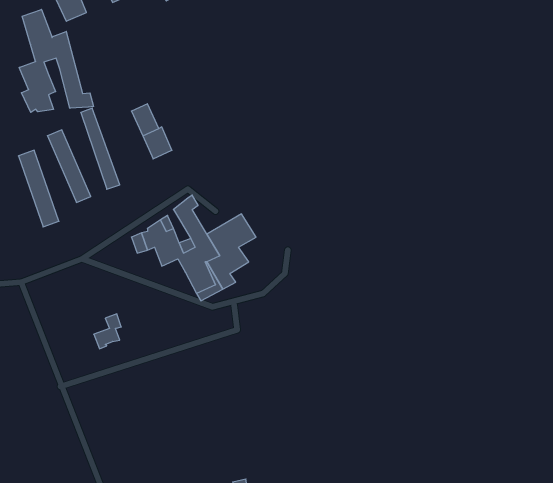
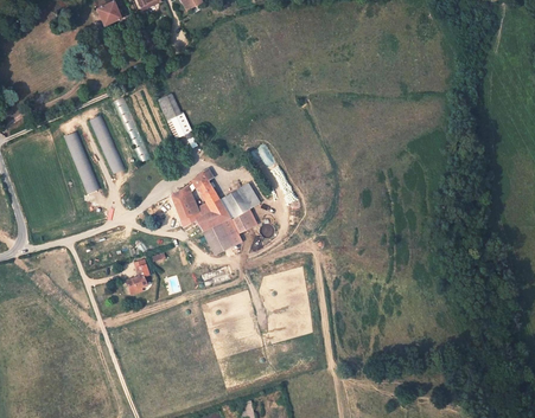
building: [19,9,94,112] -> none

